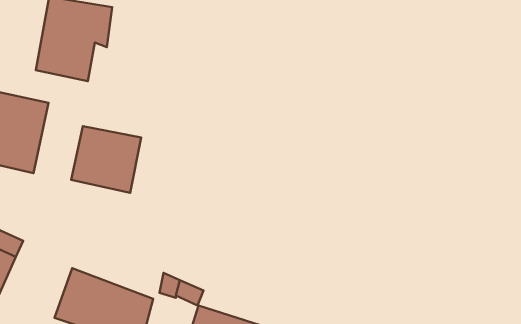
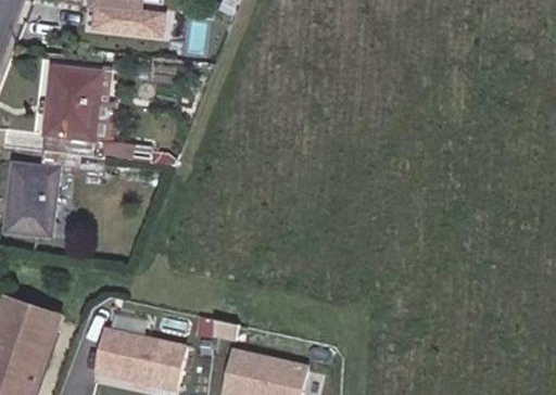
building: [71,126,141,193] -> none

